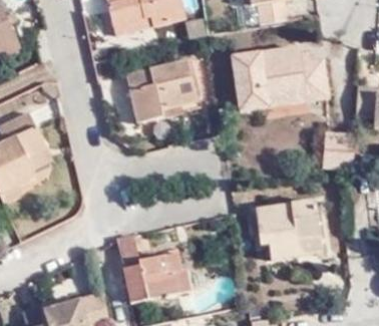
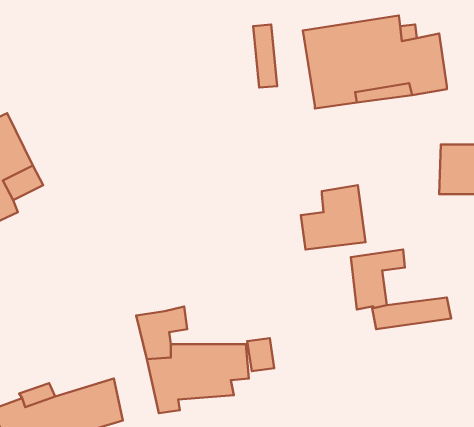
building: [123,65,194,128] -> none
building: [282,195,325,238] -> [301,185,365,250]

